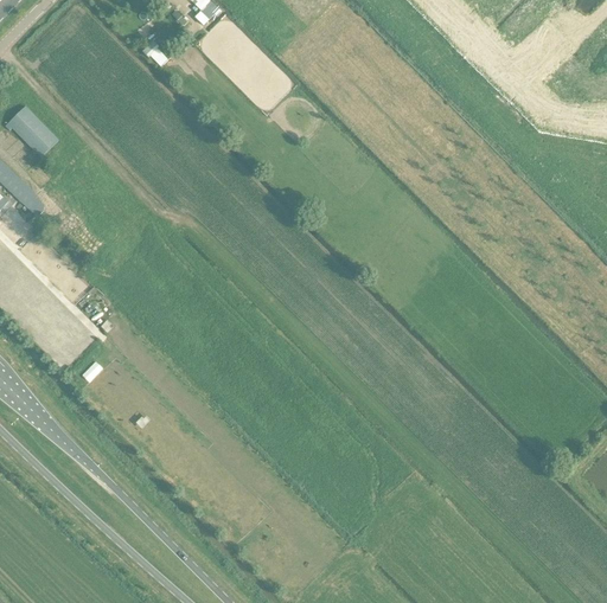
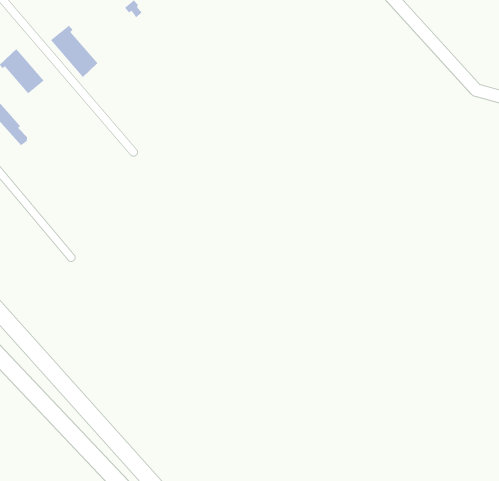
building: none -> [50,25,98,78]

